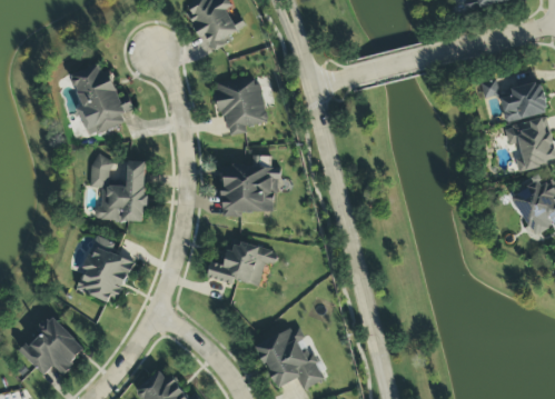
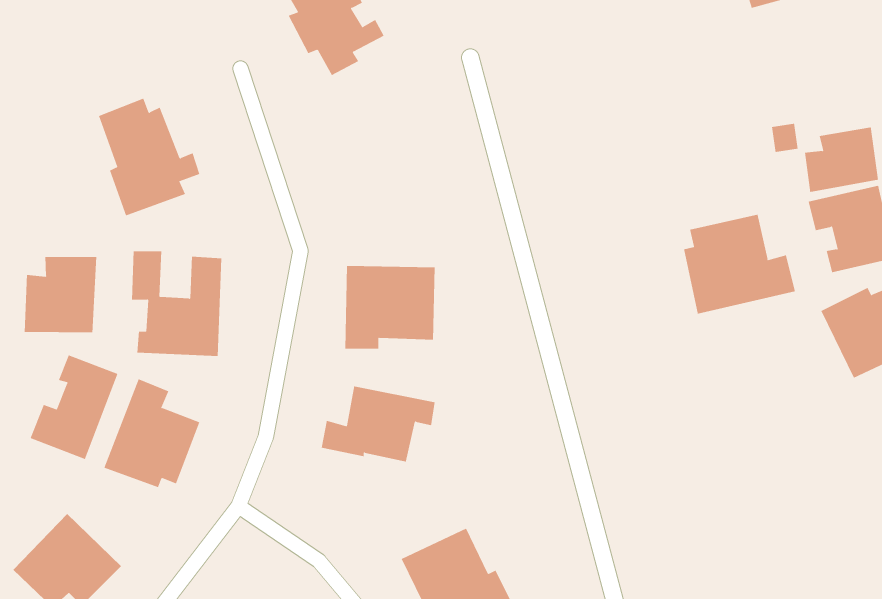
building: [216,77,266,136] -> none
building: none -> [683,214,796,314]
building: none -> [24,256,97,333]
building: none -> [30,354,118,460]

